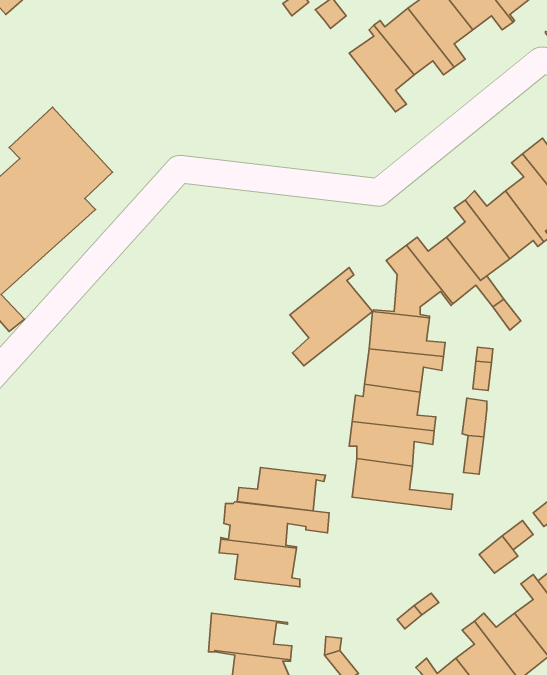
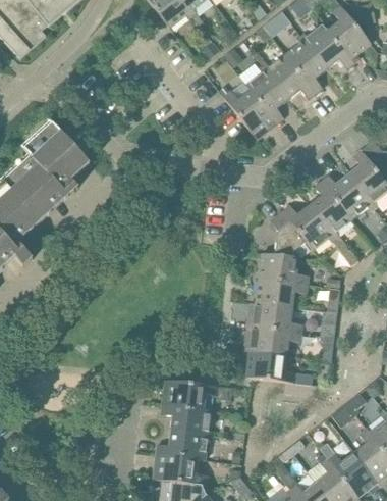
building: none -> [223,84,276,139]
building: [290,268,372,366] -> none
building: [237,468,325,511] -> [155,431,213,459]

